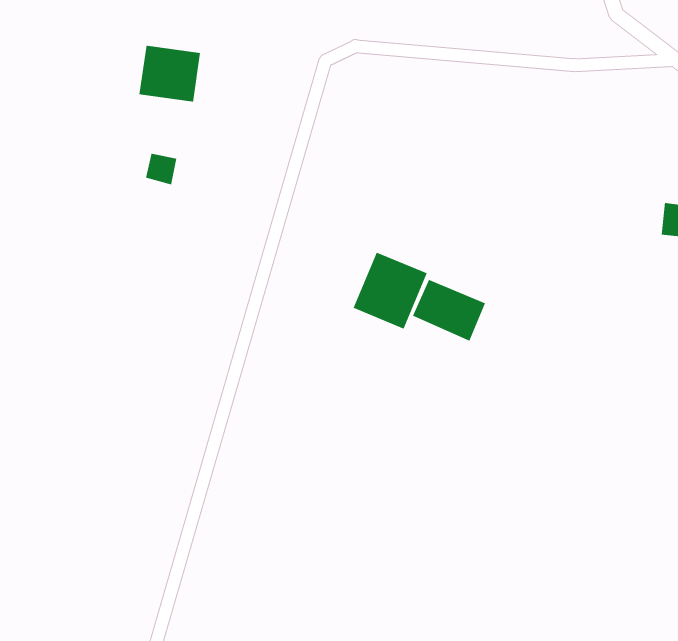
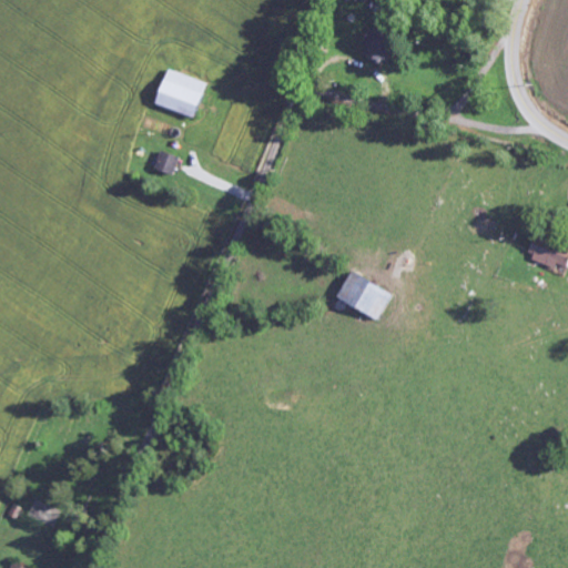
building: [353,252,427,329] -> none

